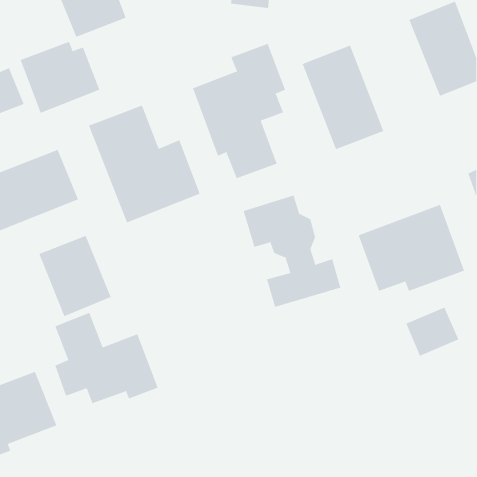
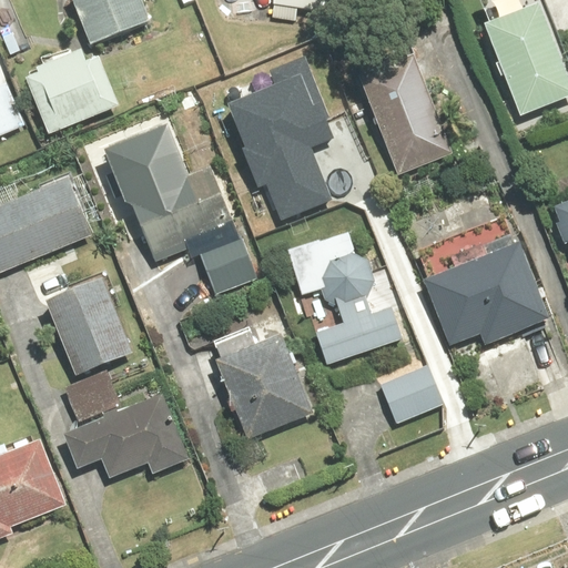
building: none -> [197,234,257,294]
building: none -> [215,331,313,439]
building: [406,307,459,356] -> [379,364,443,423]

